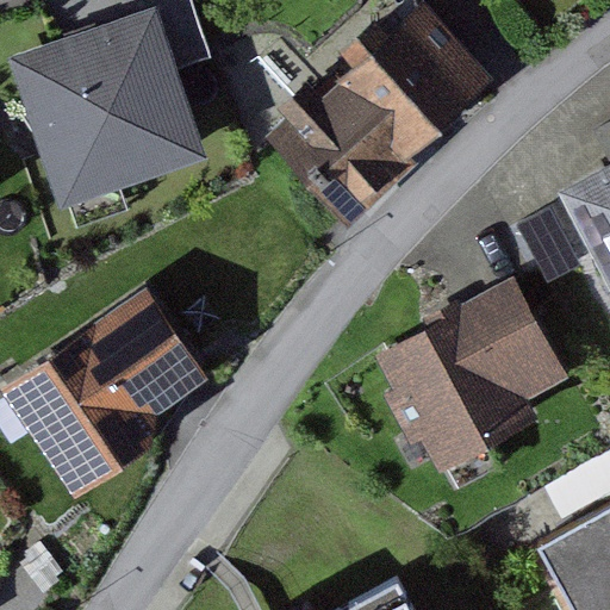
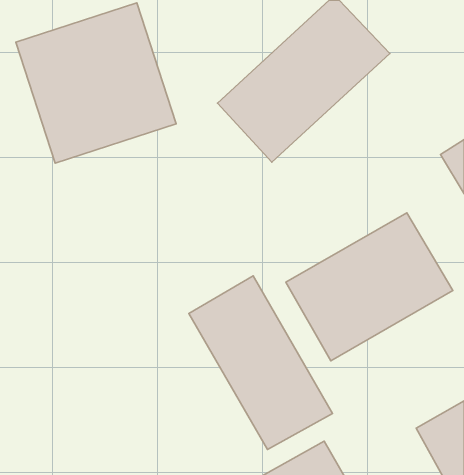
building: [8,286,212,474] -> none
building: none -> [189,276,332,450]

